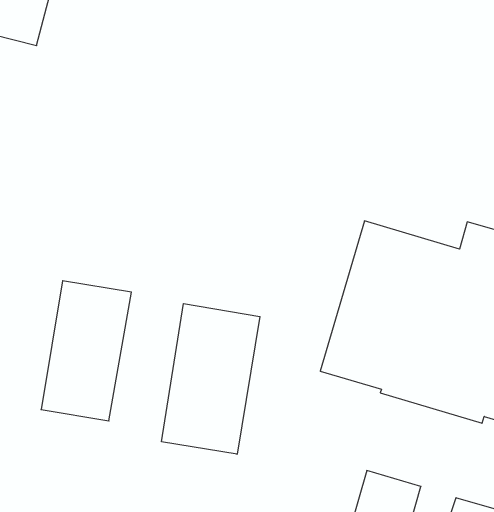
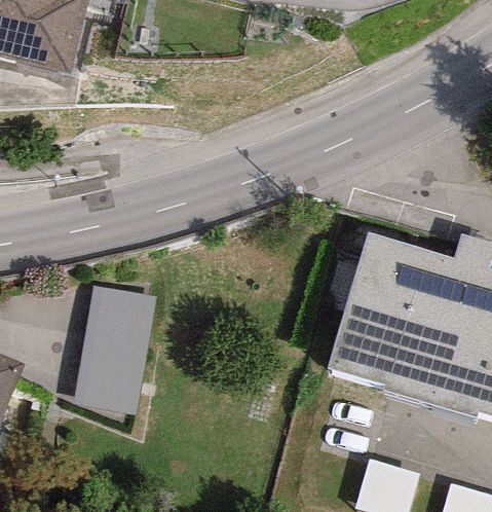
building: [162,304,260,454] -> none

